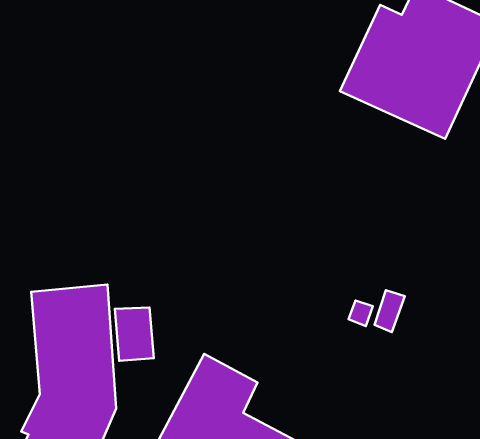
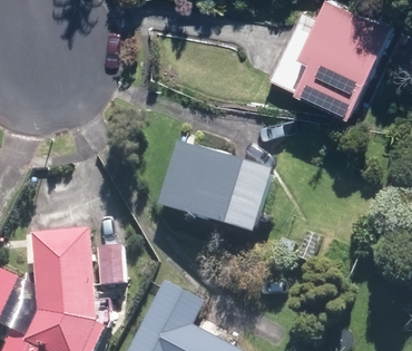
building: none -> [157,144,275,235]

